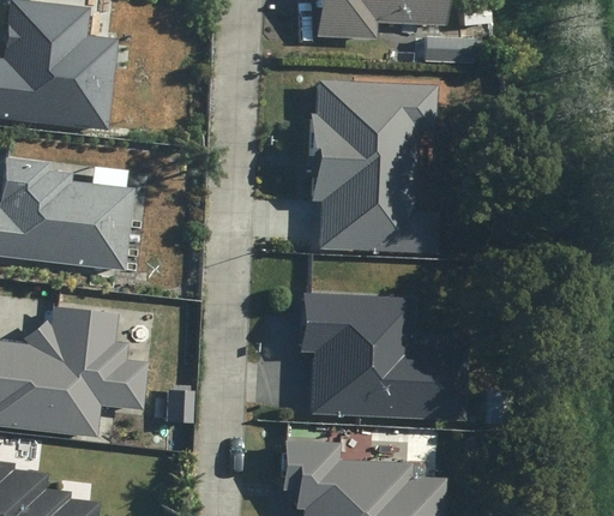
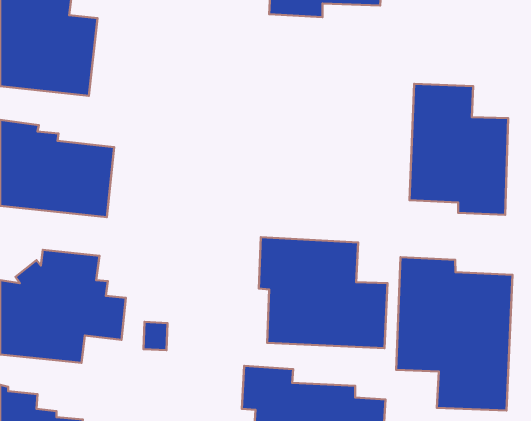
building: [311,79,438,253] -> none
building: none -> [410,84,508,215]
building: none -> [396,257,513,411]

